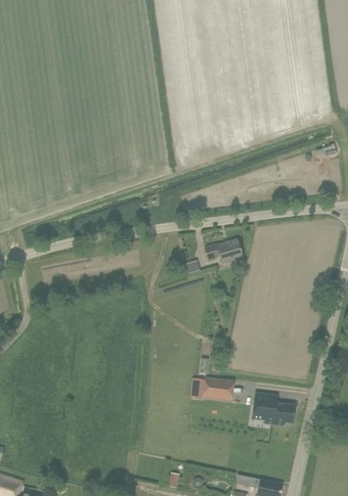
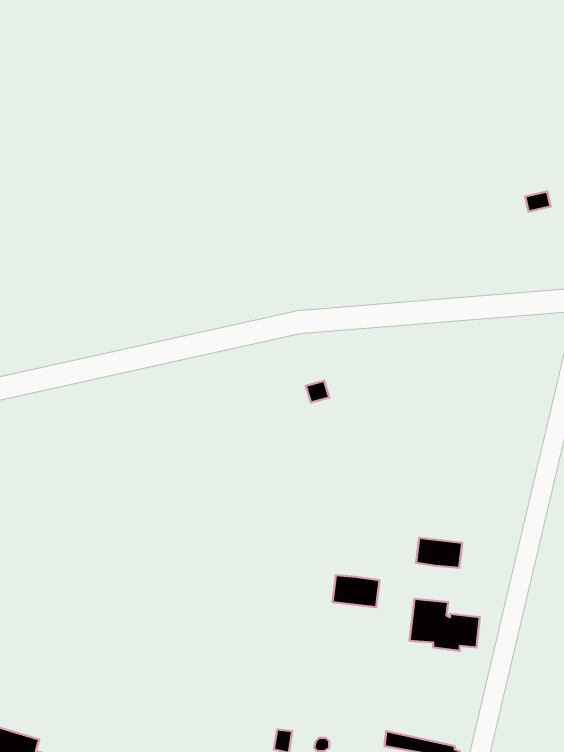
building: [205,238,244,263] -> none
building: none -> [416,538,462,568]

